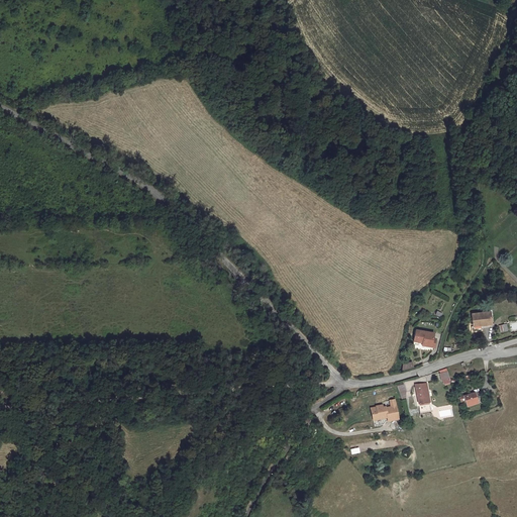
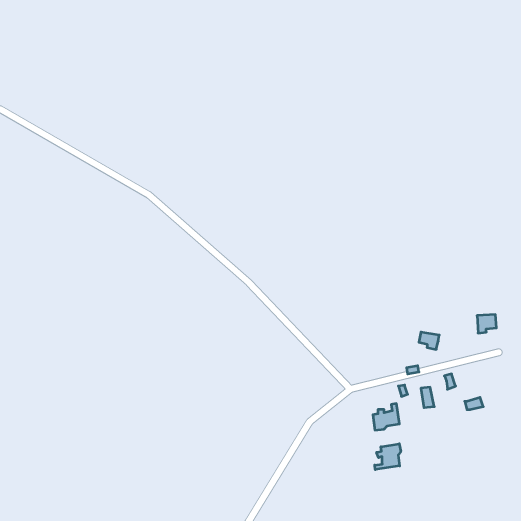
building: none -> [375,444,401,470]

